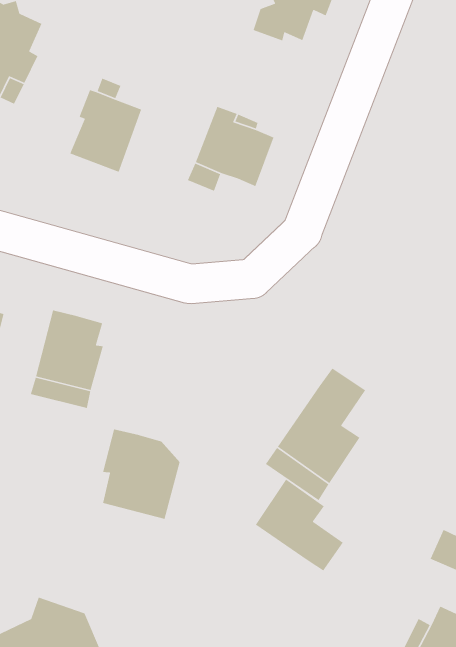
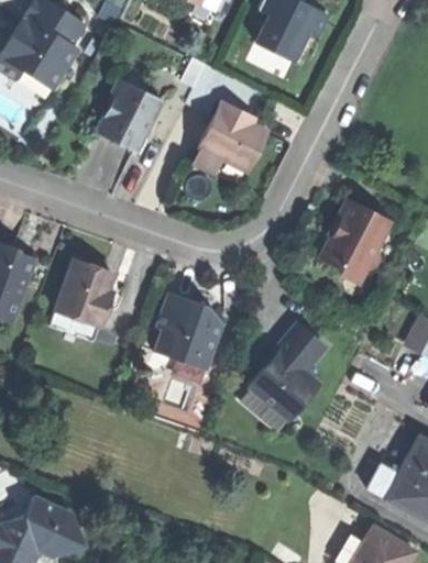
building: none -> [321,198,389,273]
building: [102,429,181,520] -> [155,291,222,369]
building: [255,479,344,571] -> none

